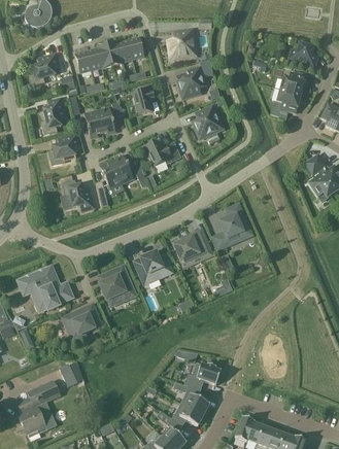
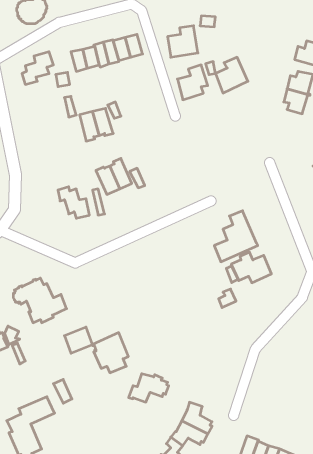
building: [133,83,156,113] -> none
building: [43,97,66,133] -> none
building: [193,104,224,138] -> [215,57,248,93]
building: [50,133,80,164] -> none
building: [145,139,181,165] -> none
building: [174,233,212,262] -> [231,252,271,283]
building: [136,250,173,281] -> none
building: [99,265,133,303] -> [93,333,128,373]
building: [184,361,223,388] -> [129,374,169,402]

